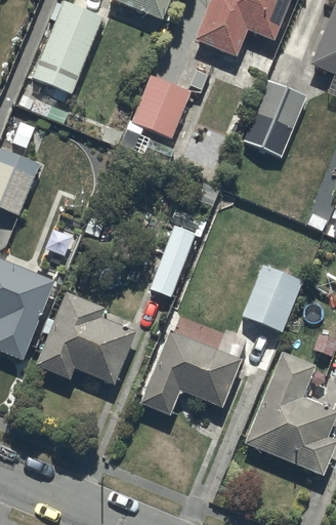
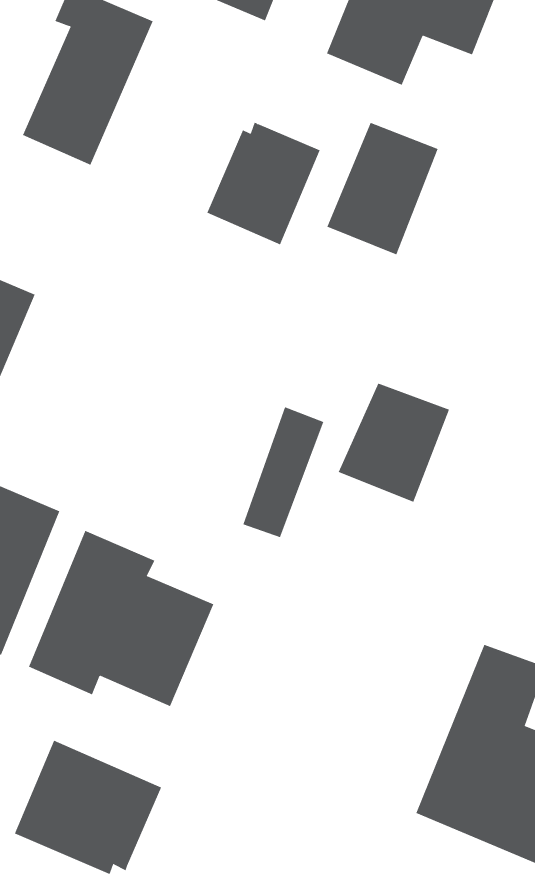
building: [243,82,303,154] -> [327,122,439,255]
building: [242,267,302,331] -> [338,383,450,502]
building: [140,332,240,415] -> none
building: none -> [14,740,162,875]

